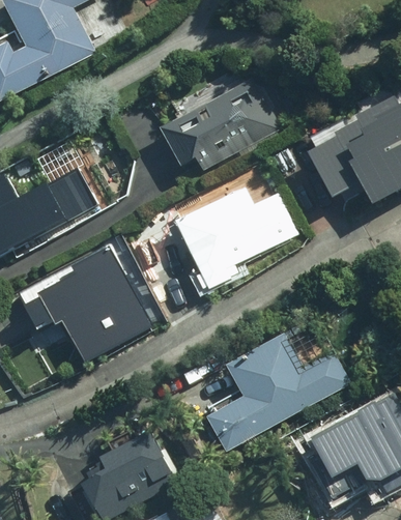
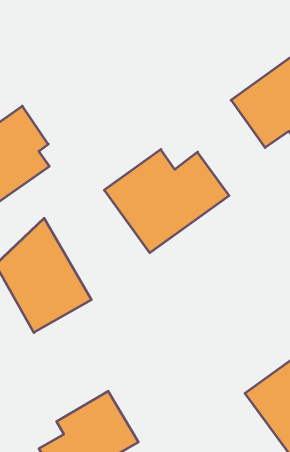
building: [161,79,270,174] -> none
building: [203,336,341,450] -> none

